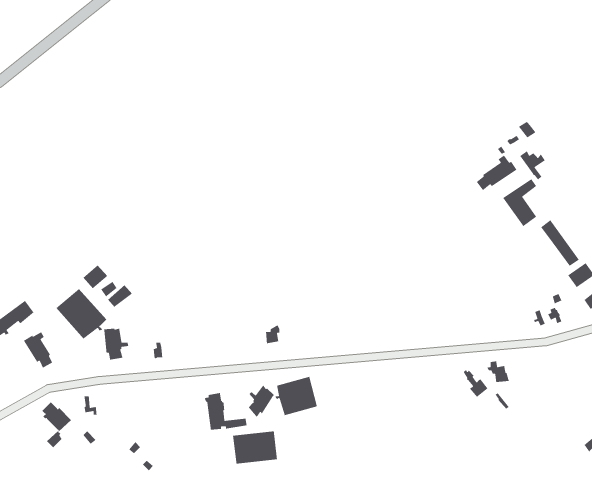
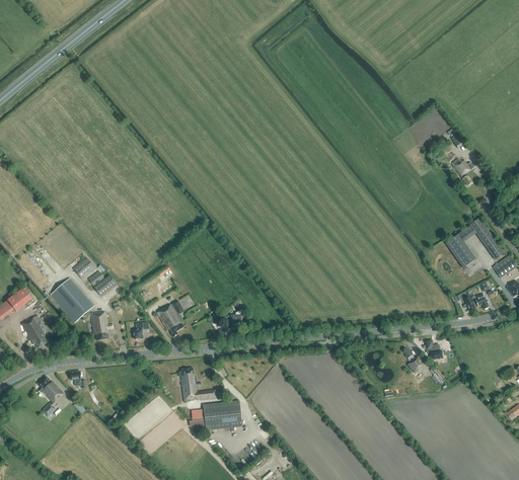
building: [476,154,517,191] -> none
building: [502,178,537,227] -> [445,226,475,268]
building: none -> [157,300,183,337]
building: [248,376,318,418] -> none

